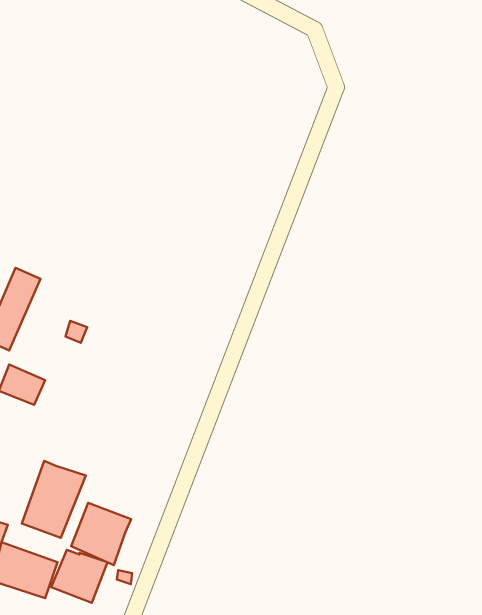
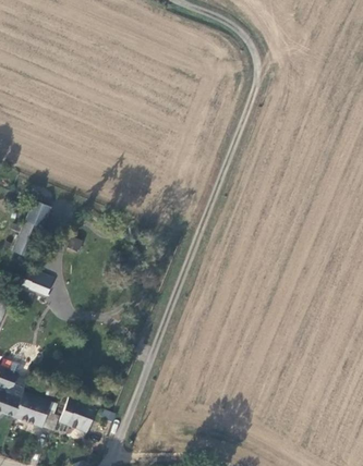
building: [22,461,86,538] -> none
building: [71,503,131,565] -> none

